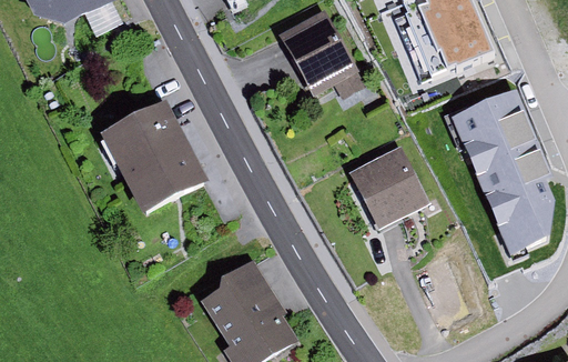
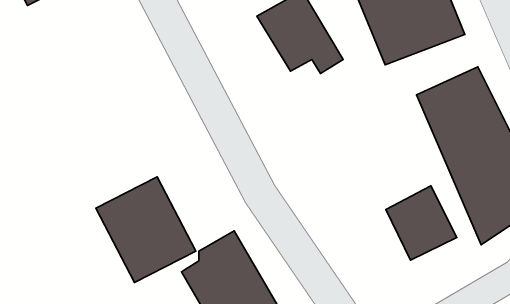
building: [100,103,203,212] -> [96,177,196,283]
building: [353,148,426,224] -> [386,186,457,260]

